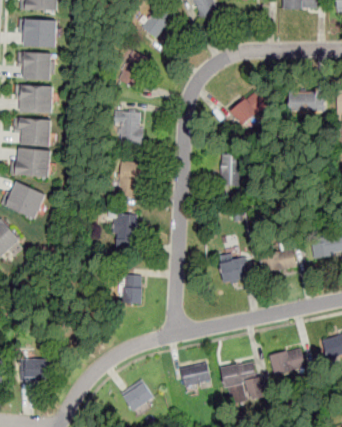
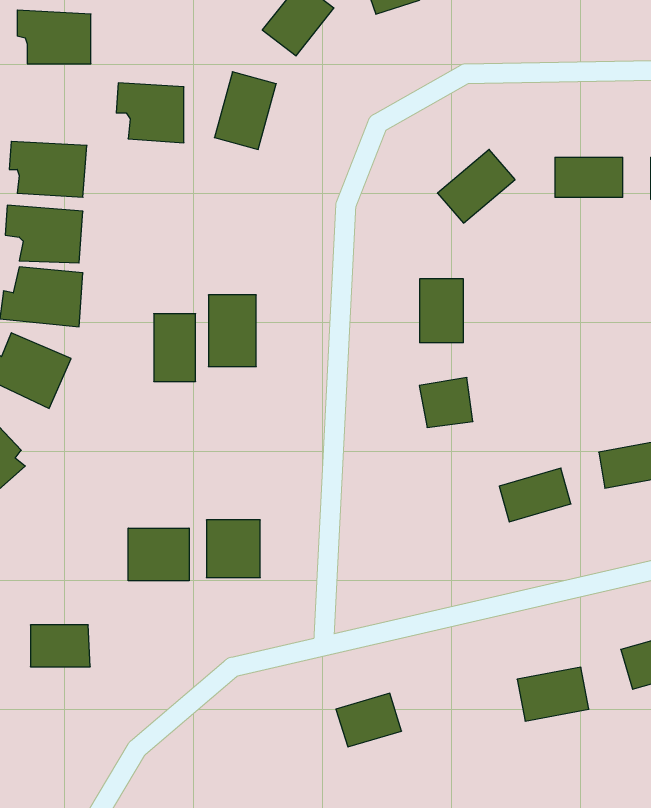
building: [16,51,50,81] -> [116,83,184,143]
building: [115,113,141,146] -> none
building: [114,214,135,248] -> [154,314,196,381]
building: [219,257,246,282] -> [419,378,473,427]
building: none -> [128,528,189,581]
building: [19,359,49,380] -> [30,625,90,667]
building: [221,362,262,400] -> none
building: [120,380,153,412] -> none

